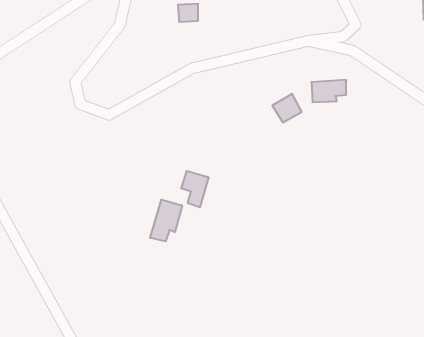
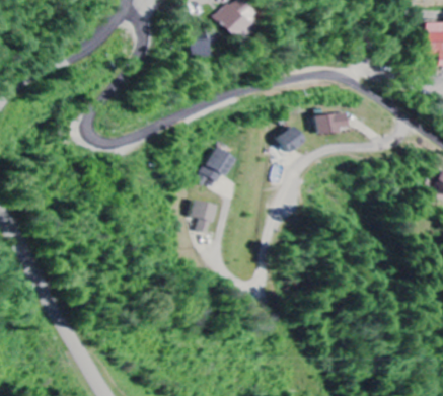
building: none -> [199,147,237,185]
building: [150,200,182,241] -> none

